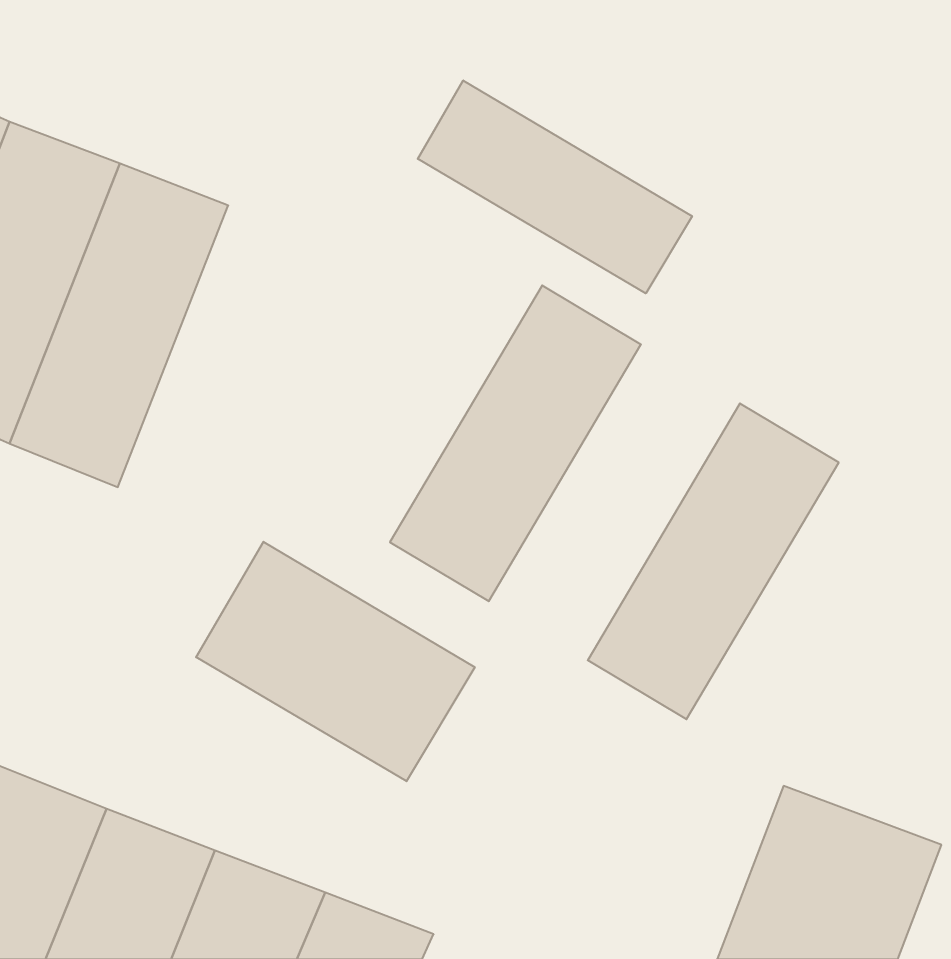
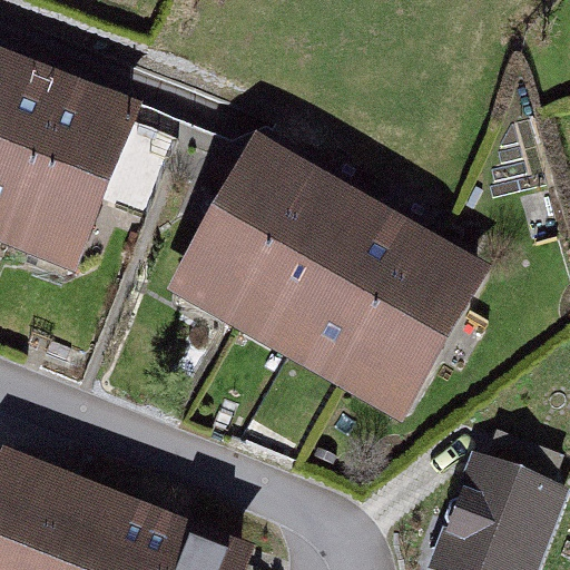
building: [418,80,692,293] -> none
building: none -> [169,134,317,317]
building: none -> [286,202,433,386]
building: [196,542,475,781] -> none

